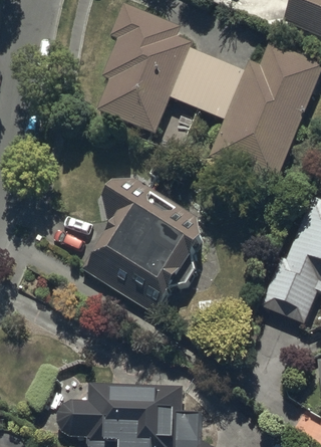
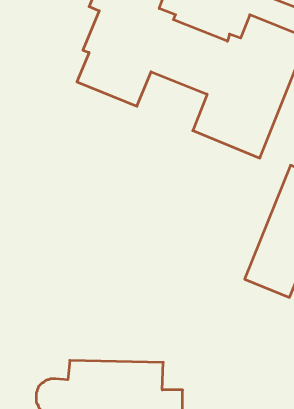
building: [83,178,203,310] -> none

